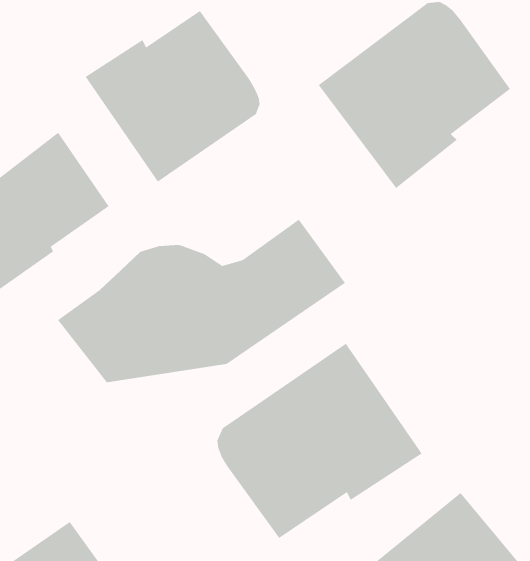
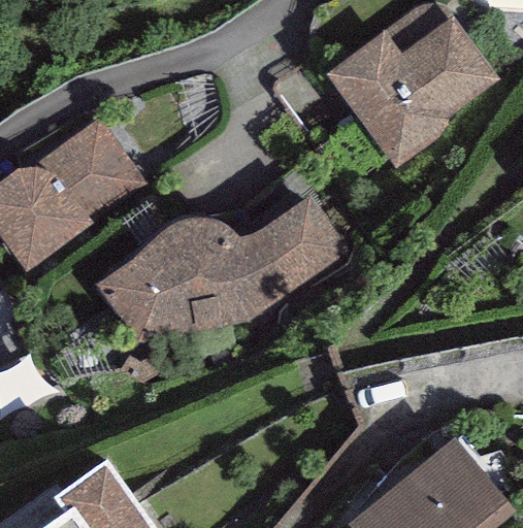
building: [85,10,260,182] -> none
building: [217,343,422,539] -> none

